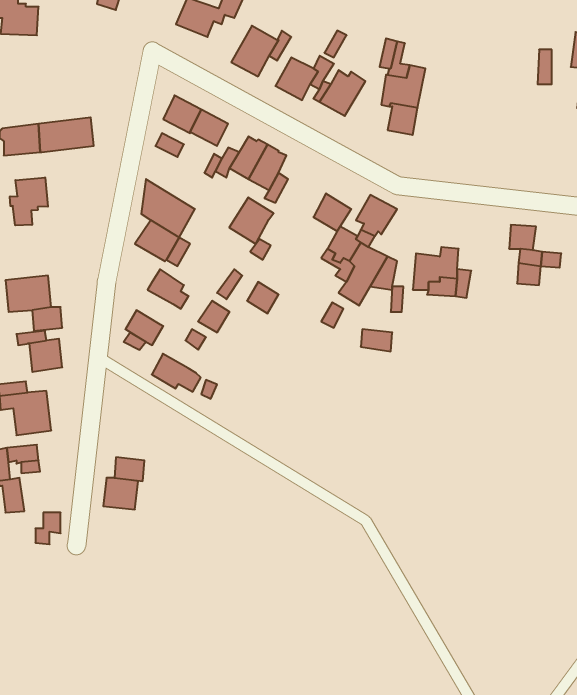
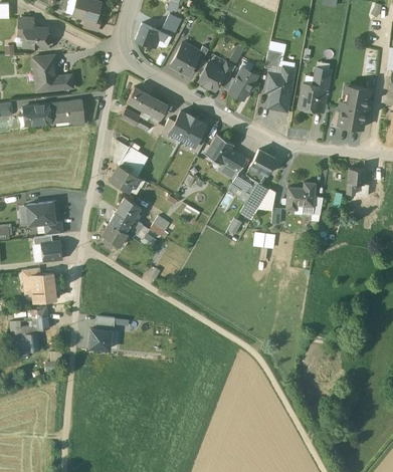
building: none -> [32,55,72,91]
building: none -> [300,69,330,111]
building: none -> [337,85,368,129]
building: [10,177,48,225] -> none
building: [229,197,274,243] -> [205,135,233,164]
building: [152,354,201,392] -> [110,210,141,234]

